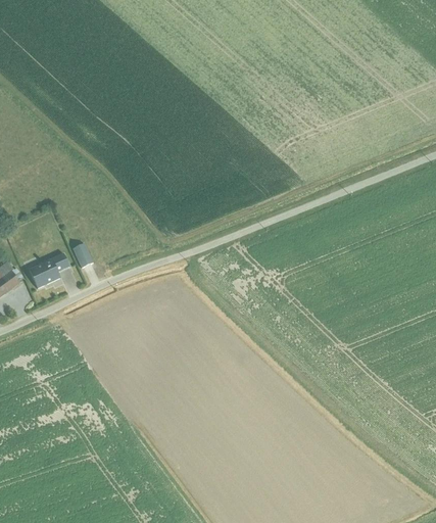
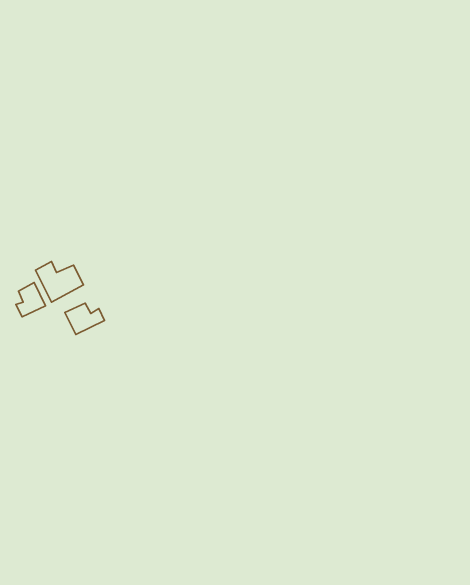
building: none -> [65,303,104,335]

